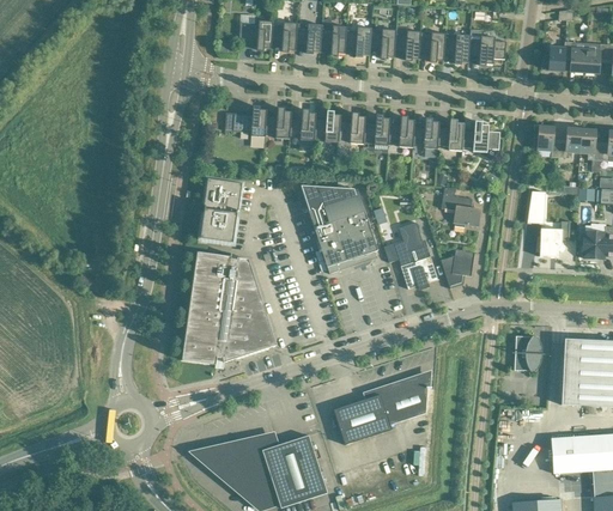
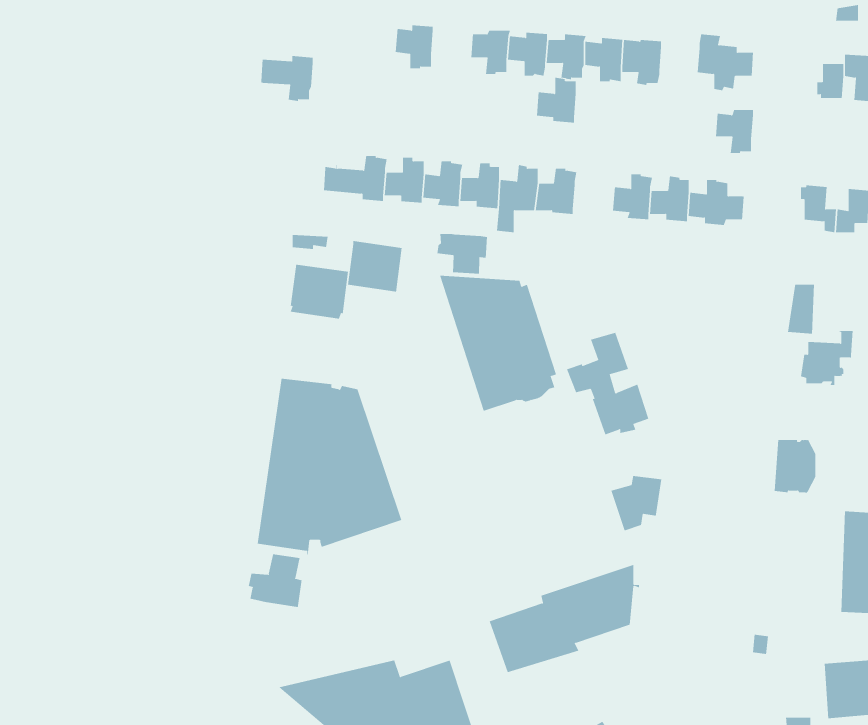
building: [238,19,273,49] -> [260,55,314,102]
building: [296,23,322,53] -> none
building: [444,34,469,62] -> [715,109,754,154]
building: [388,116,414,146] -> [536,77,577,123]
building: none -> [437,233,487,275]
building: [441,187,480,226] -> none
building: [200,208,236,242] -> [347,241,402,292]
building: [441,249,474,287] -> [611,476,662,535]
building: [514,335,541,371] -> [774,440,816,495]
building: none -> [248,554,302,608]

